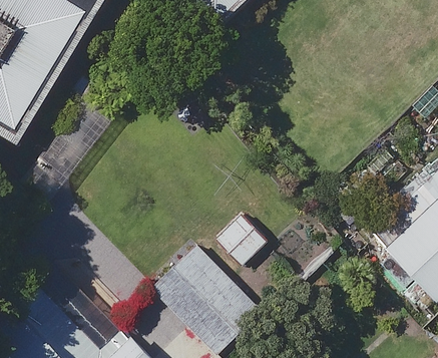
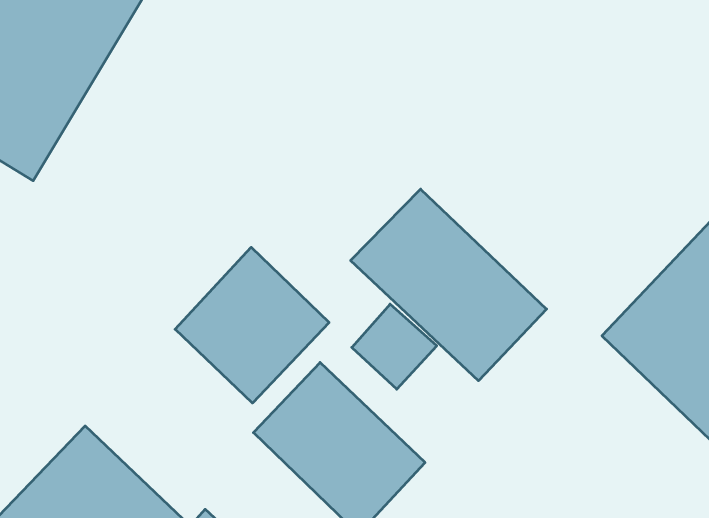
building: none -> [351,189,547,381]
building: none -> [175,247,329,403]

